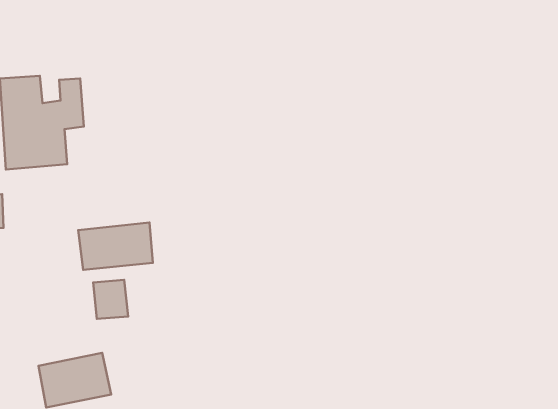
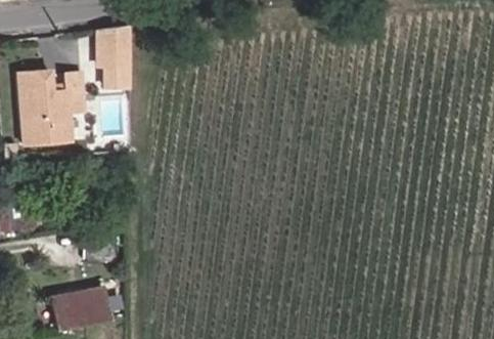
building: none -> [104,24,137,87]
building: [78,223,153,270] -> none

